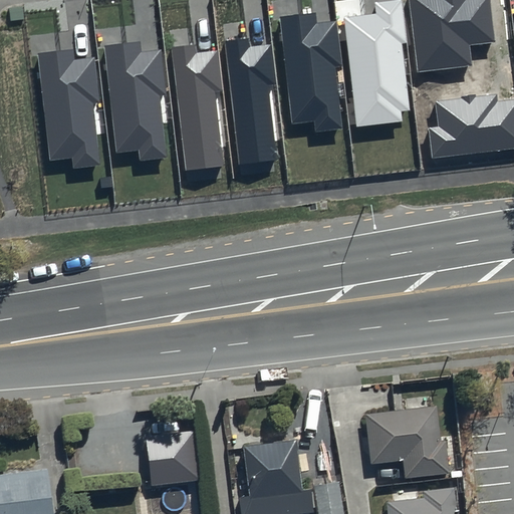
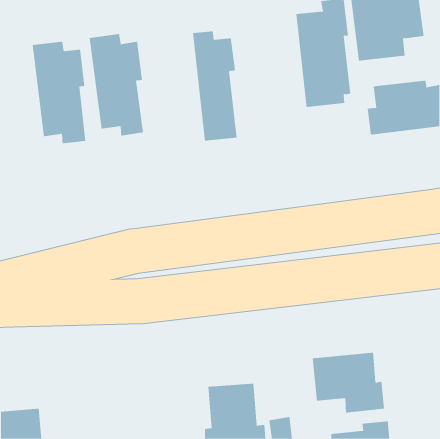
building: [280,12,342,131] -> none
building: [172,42,224,171] -> none
building: [143,435,199,491] -> none

